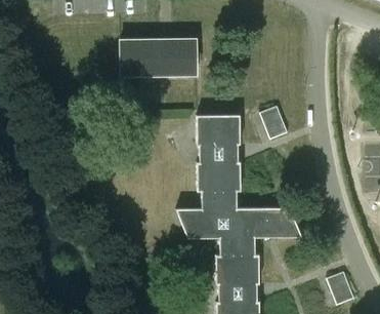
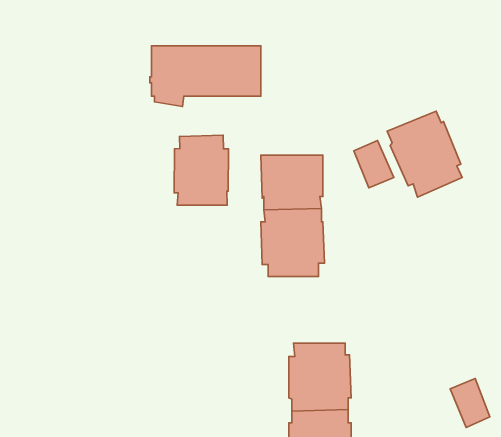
building: none -> [387,111,462,197]
building: none -> [174,135,229,205]
building: [176,201,301,247] -> none

